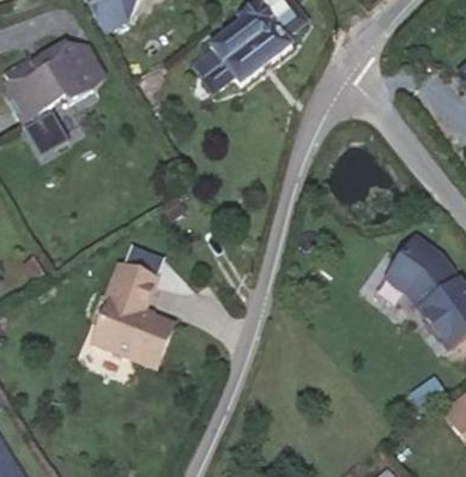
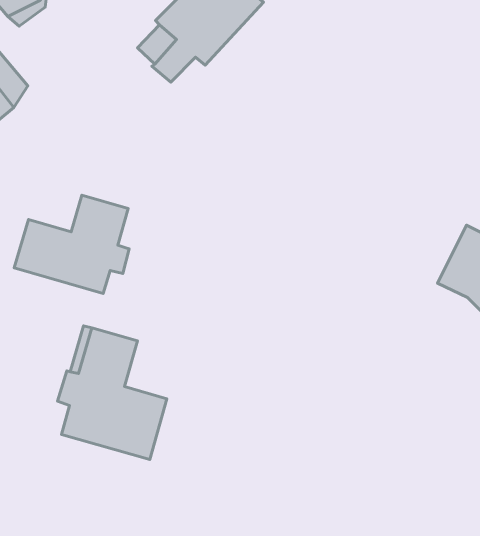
building: none -> [14,195,129,293]

